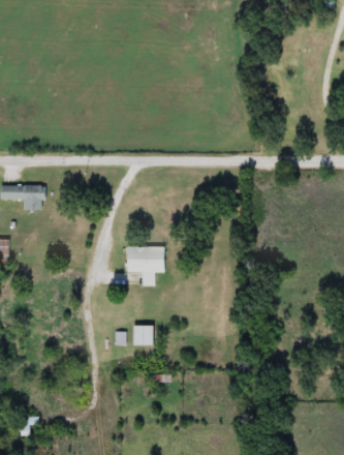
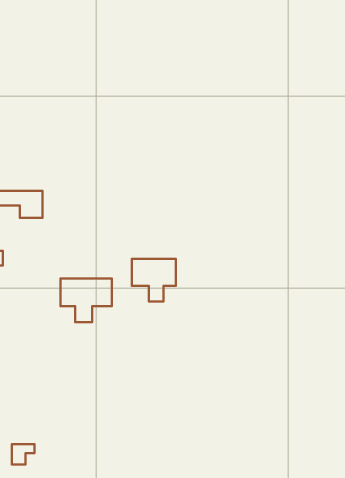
building: none -> [61,279,112,322]
building: [132,326,155,345] -> none

